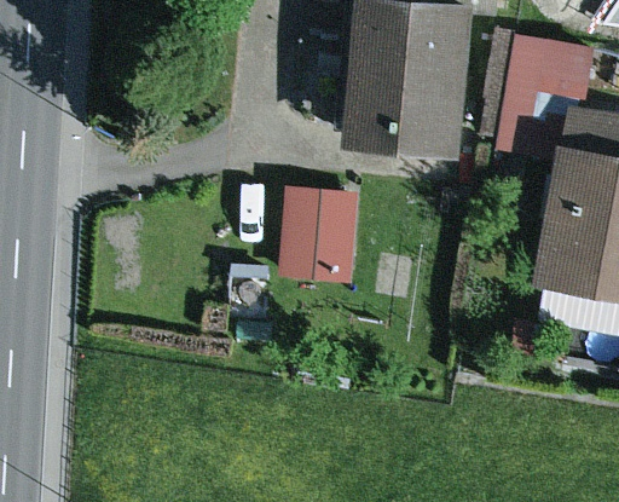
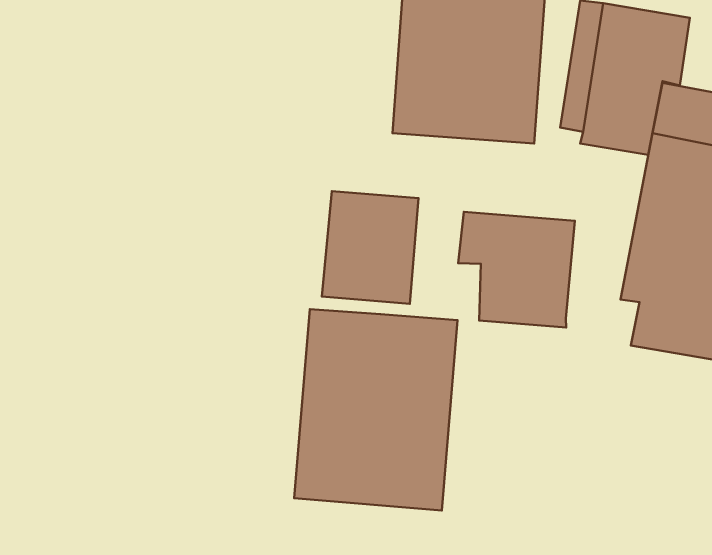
building: none -> [458,212,575,327]
building: none -> [294,309,457,510]

